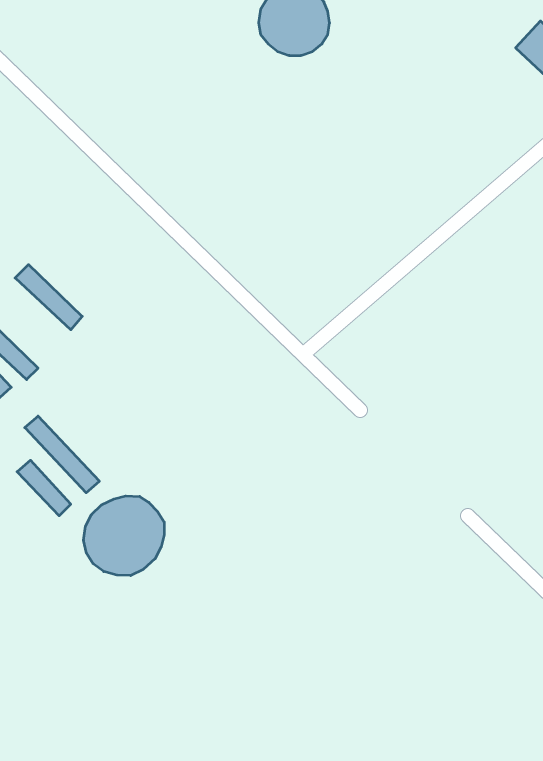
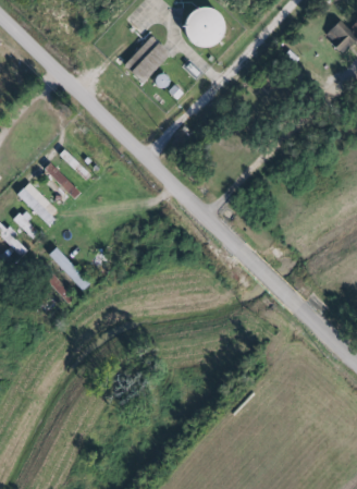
building: none -> [124,38,167,83]
building: [84,496,164,576] -> none

